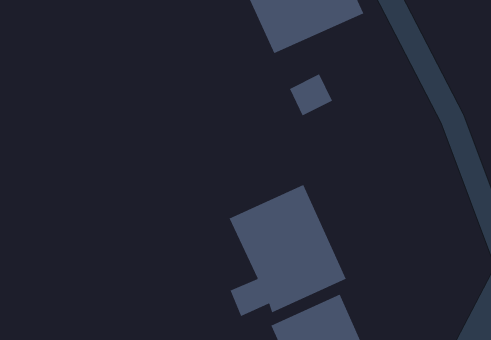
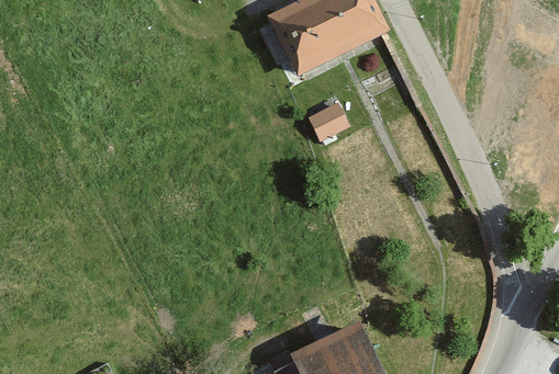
building: [229,184,346,317] -> none

